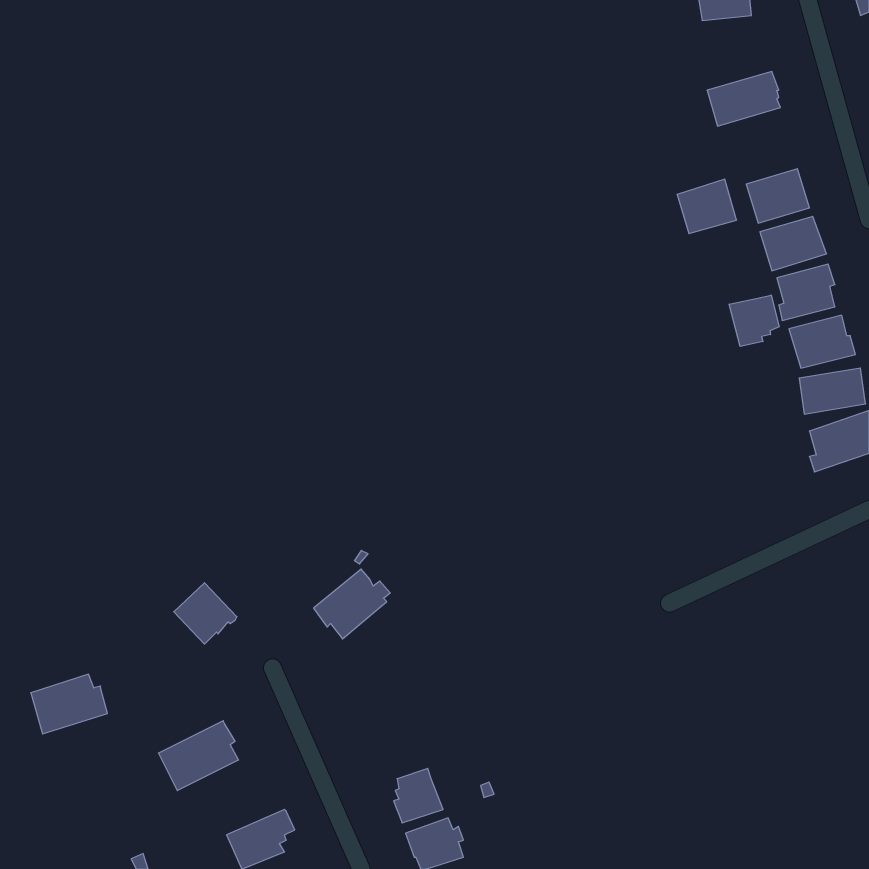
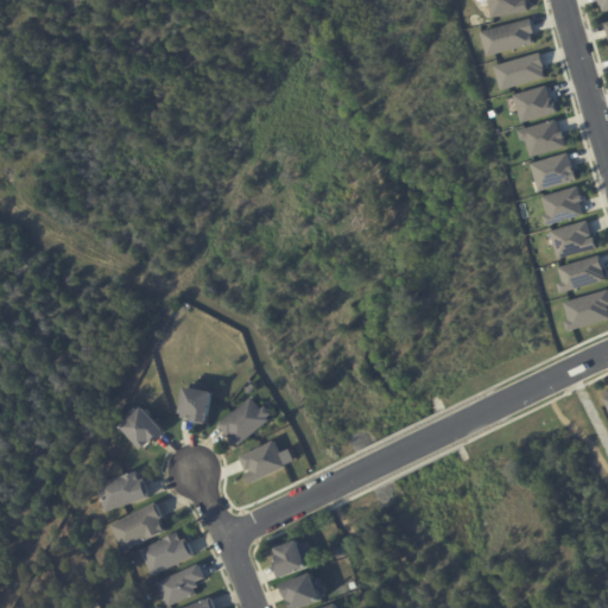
building: none -> [480,15,533,53]
building: [677,179,737,234] -> [513,83,555,121]
building: [729,295,779,346] -> none
building: none -> [179,386,213,423]
building: none -> [238,439,294,481]
building: [31,674,107,734] -> [96,470,150,512]
building: none -> [140,531,195,576]

